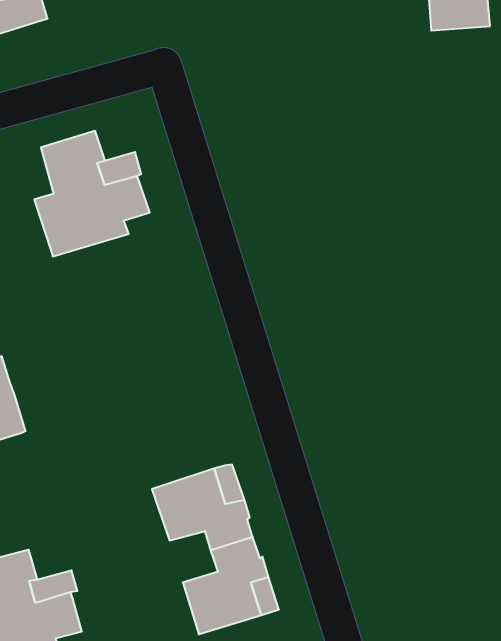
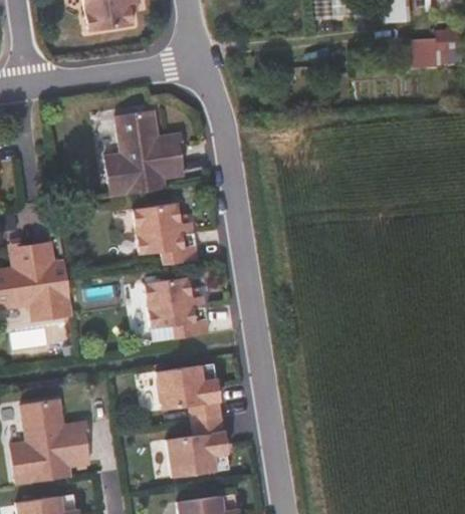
building: none -> [132,203,195,264]
building: none -> [144,275,207,340]

